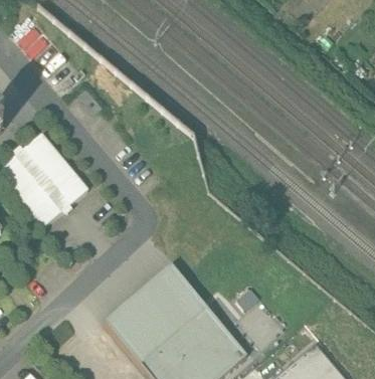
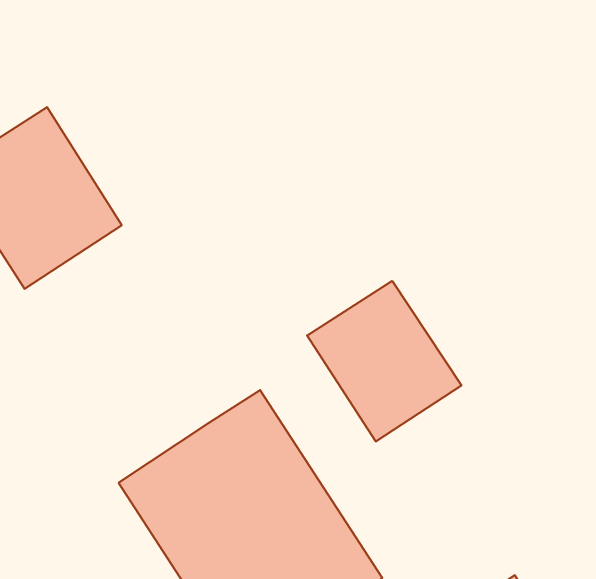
building: none -> [307,281,461,442]

